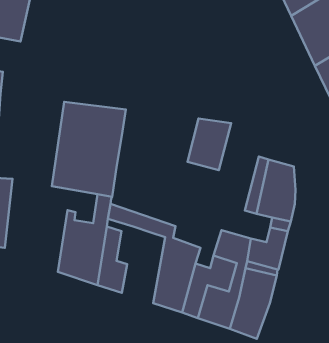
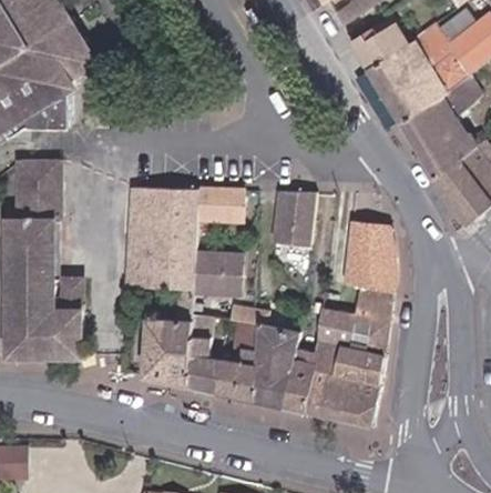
building: none -> [197,190,238,220]
building: none -> [193,252,242,292]
building: none -> [216,322,257,400]

